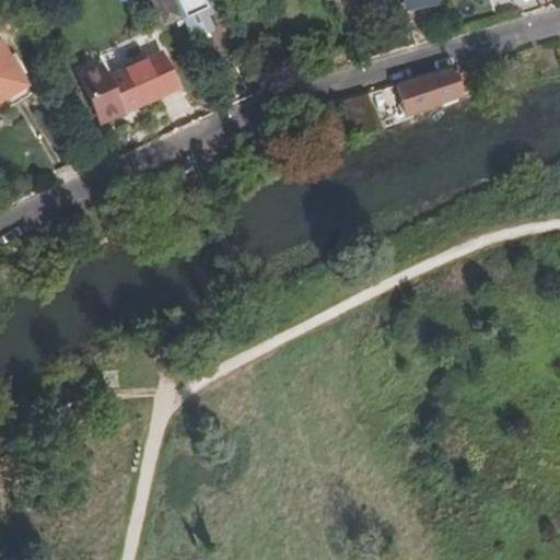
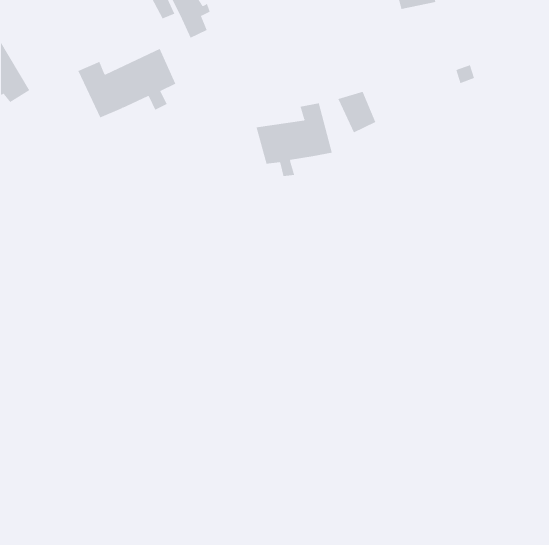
building: [399,68,464,112] -> none
building: none -> [256,103,332,177]

